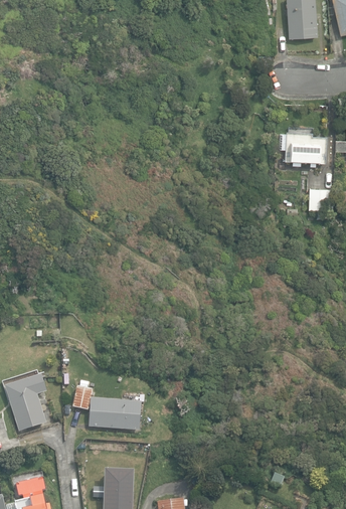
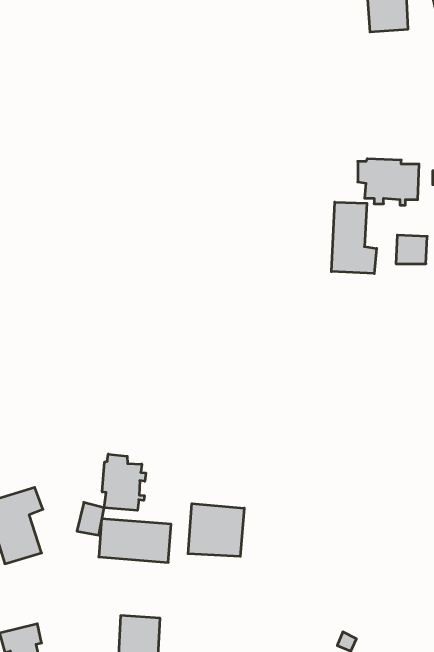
building: none -> [331,202,377,274]
building: none -> [102,454,146,510]
building: none -> [188,504,244,556]

